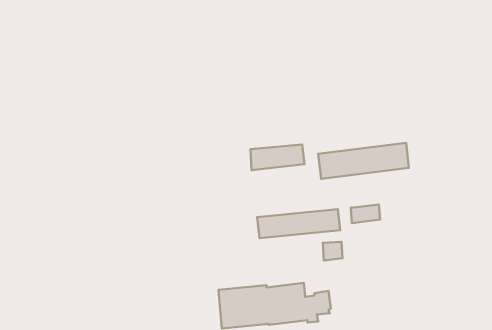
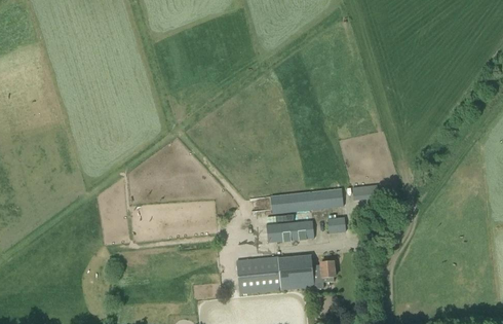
building: [318,143,409,179] -> none
building: [250,144,304,170] -> [266,220,313,243]

